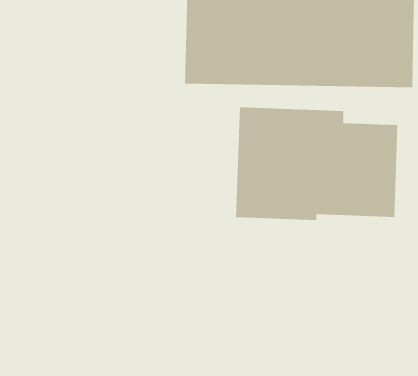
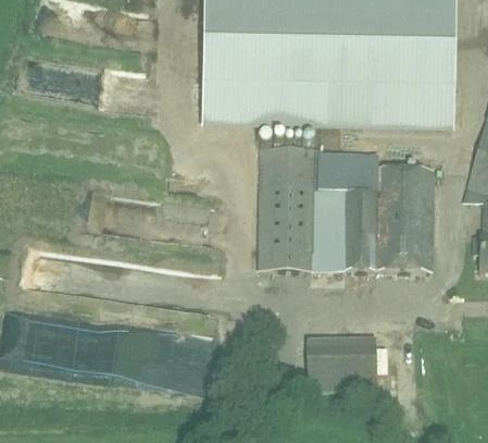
building: none -> [306,341,375,390]

